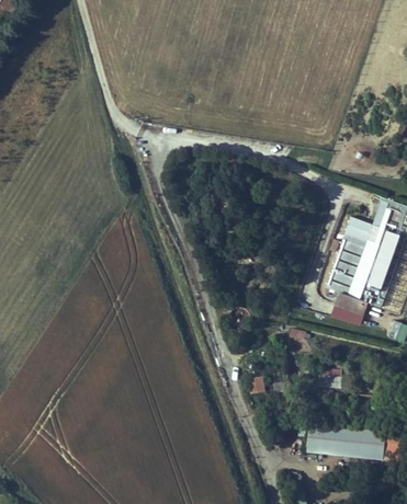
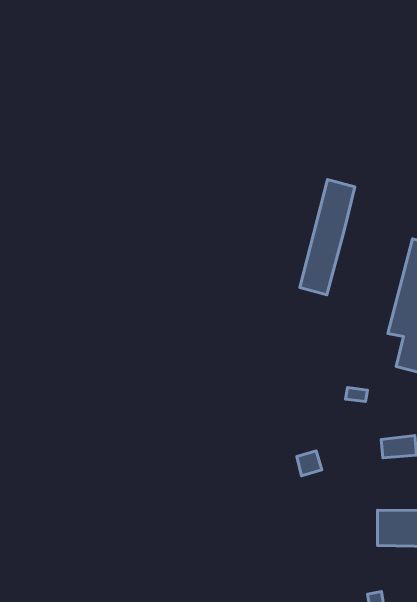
building: none -> [300,180,355,295]

